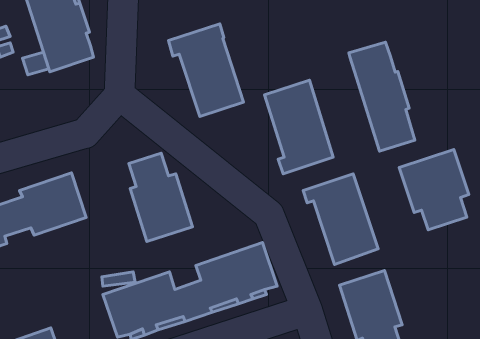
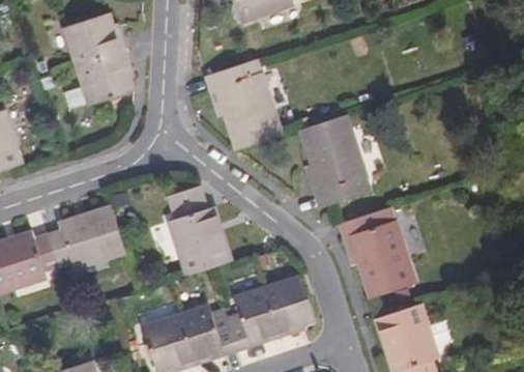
building: [349,42,415,151] -> none
building: [399,149,469,230] -> none

